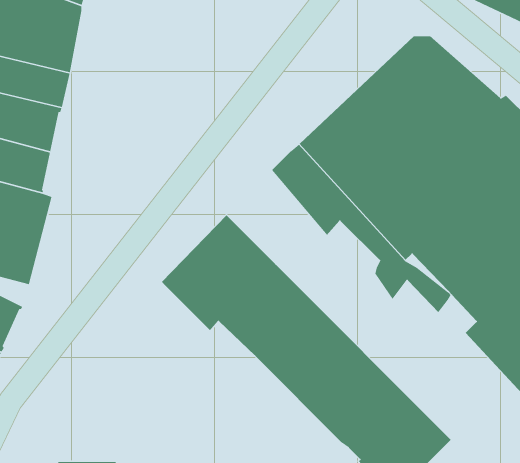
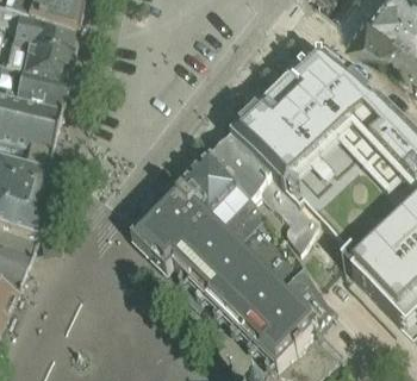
building: none -> [181,155,355,350]

